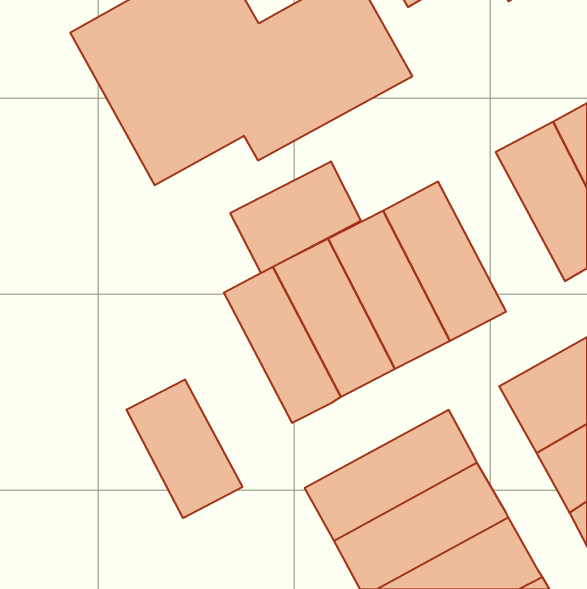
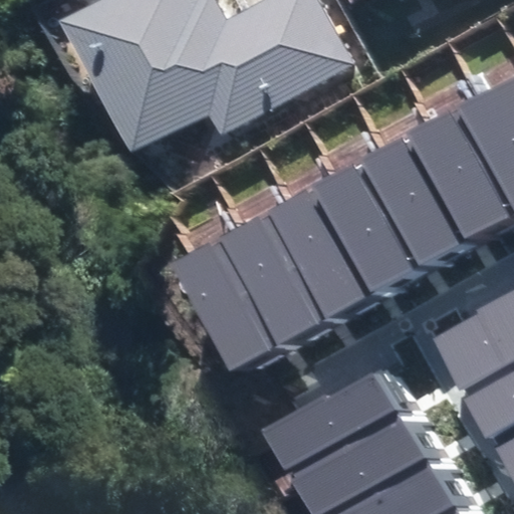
building: none -> [375,131,484,267]
building: [230,161,361,273] -> none
building: [127,379,242,518] -> none

